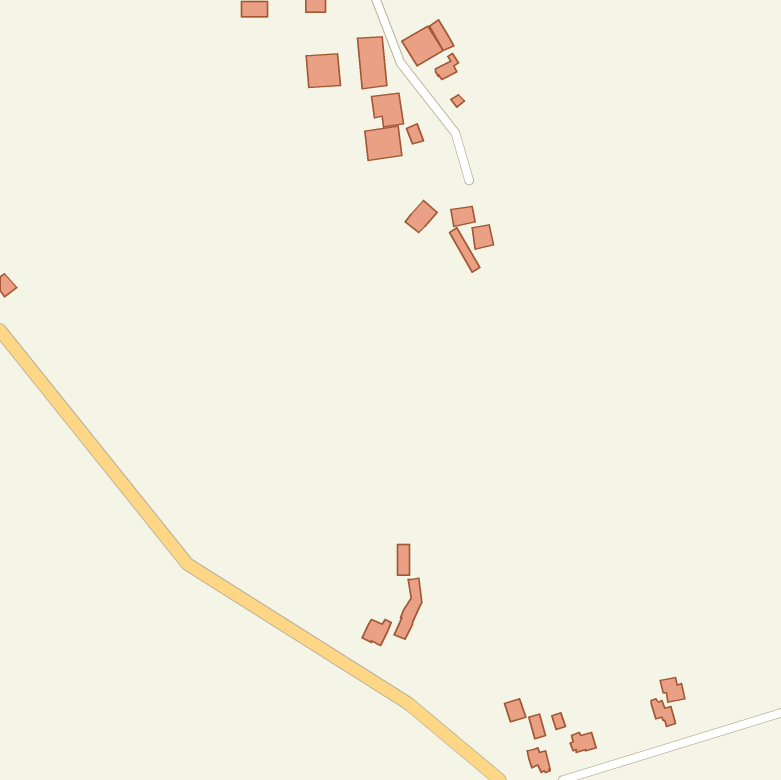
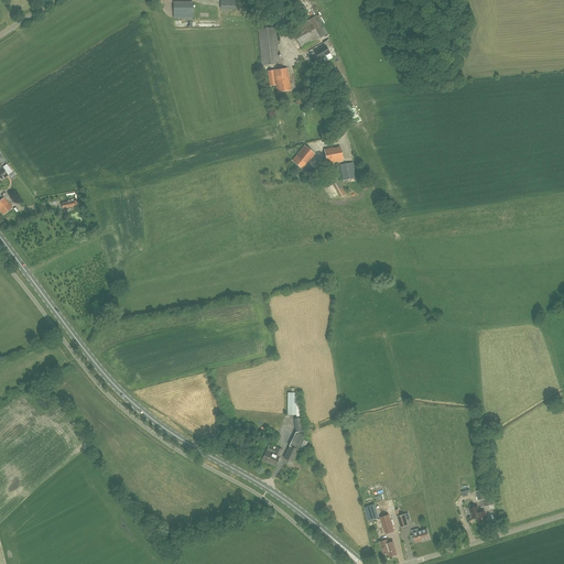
building: [306,54,340,87] -> none
building: [365,126,402,161] -> none

